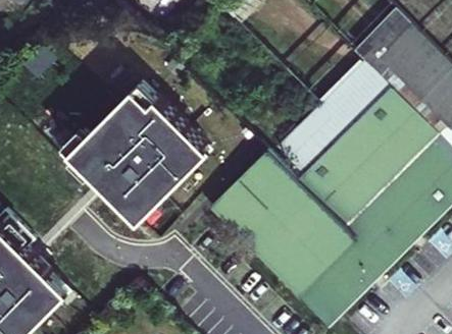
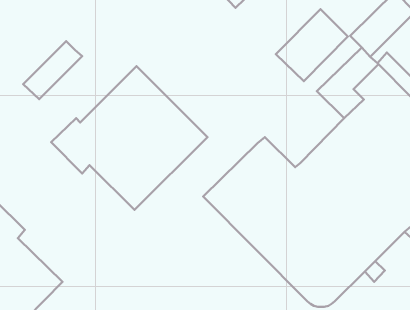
building: none -> [23,41,82,99]
building: [275,105,346,175] -> [276,9,348,81]

